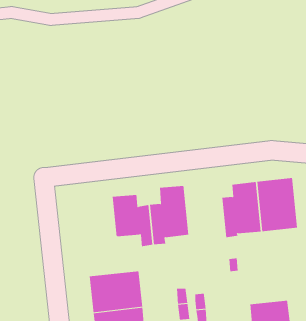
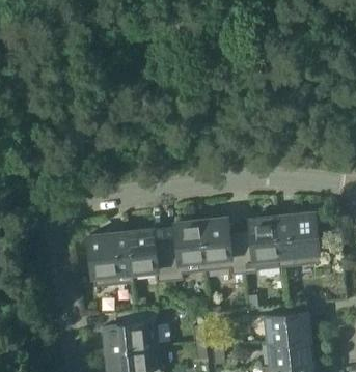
building: none -> [200,217,243,275]
building: none -> [88,231,131,287]
building: none -> [265,312,308,342]

